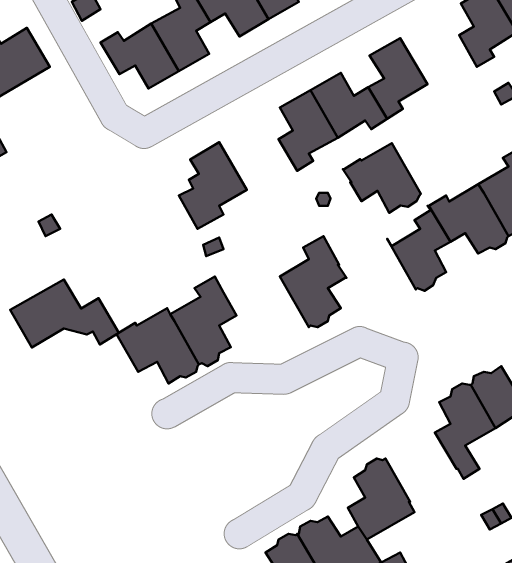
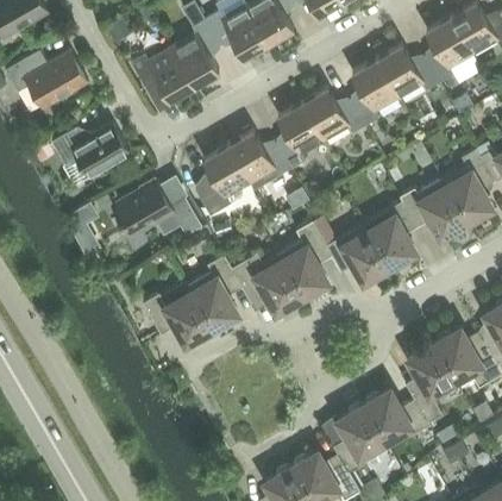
building: none -> [376,45,439,98]
building: none -> [52,125,128,176]
building: none -> [227,131,291,184]
building: [343,143,421,213] -> [325,225,389,282]
building: none -> [231,255,301,312]
building: [10,279,119,347] -> [112,182,201,238]
building: none -> [364,392,429,441]

